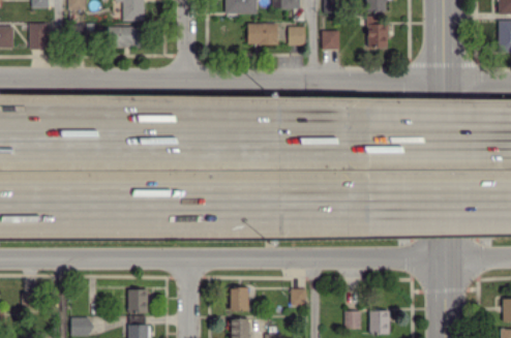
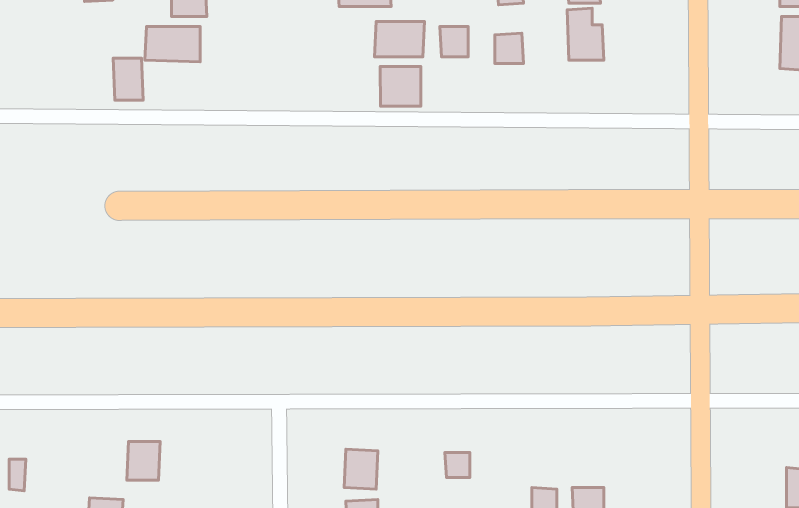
building: [29,23,48,49] -> [113,58,143,100]
building: none -> [380,66,421,106]
building: [127,288,148,312] -> [127,442,160,480]

